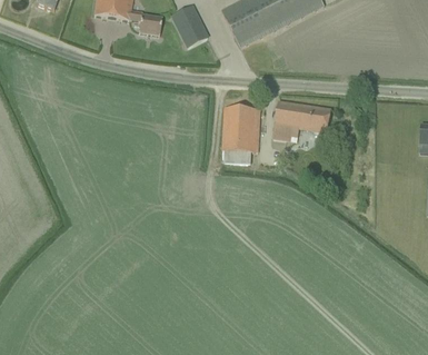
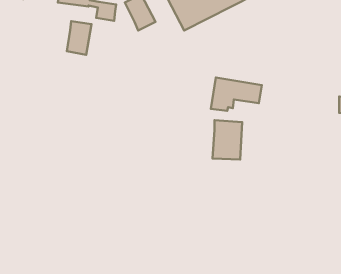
building: none -> [67,21,91,55]
building: [222,106,257,151] -> [212,120,242,159]

